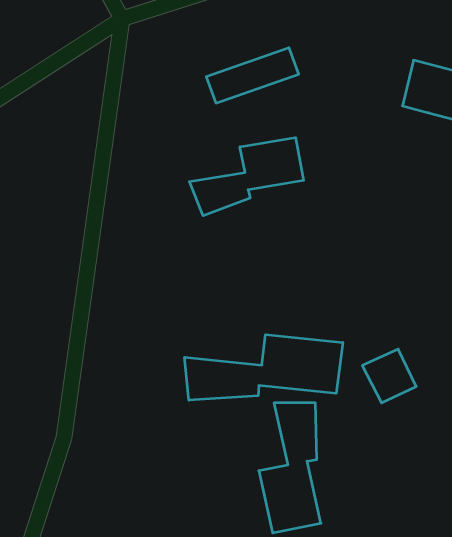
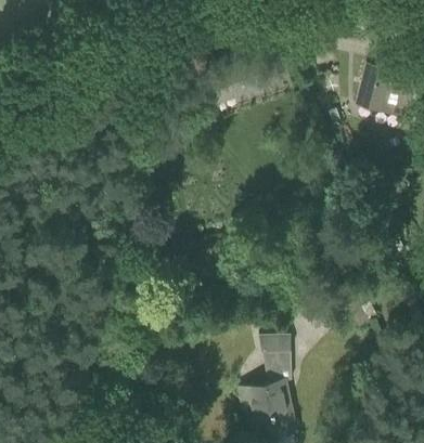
building: [189,138,304,216] -> none
building: [185,335,343,400] -> none

